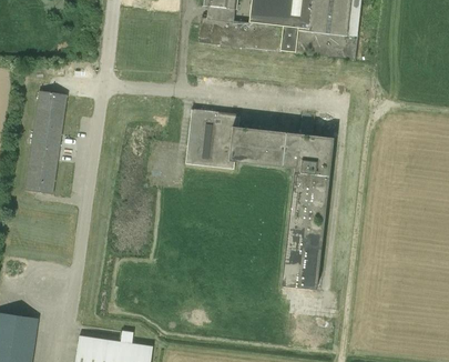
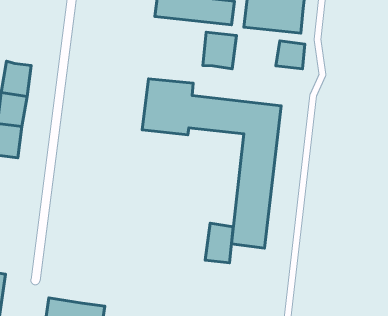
building: none -> [203,32,237,69]
building: none -> [276,41,305,69]
building: none -> [205,223,233,263]

